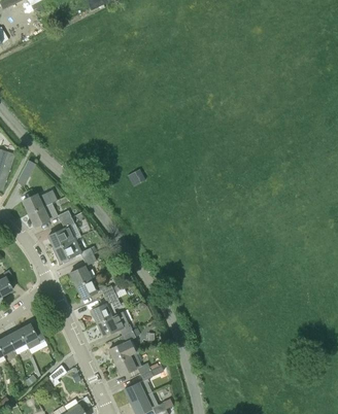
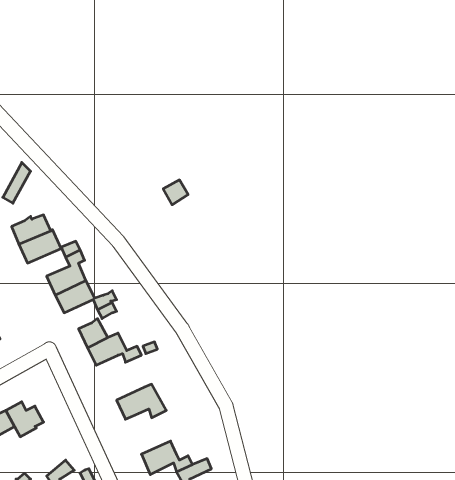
building: [91,290,121,322] -> none
building: [109,330,135,360] -> none

